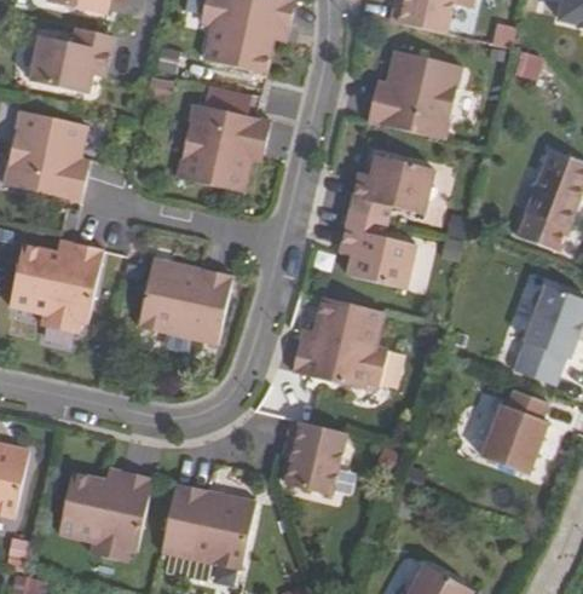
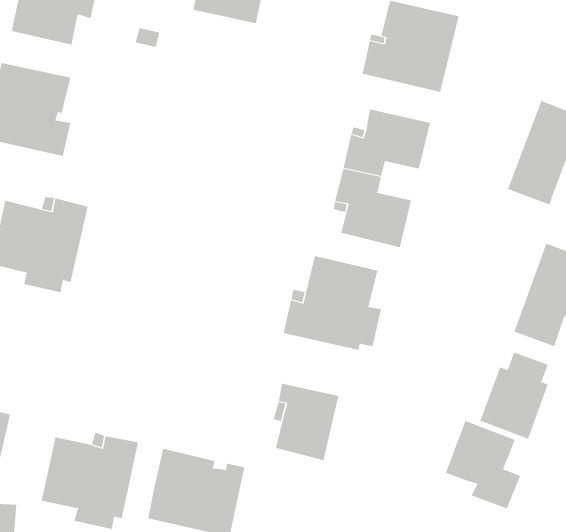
building: [177,103,271,191] -> none
building: [138,258,232,344] -> none
building: none -> [445,420,521,509]

